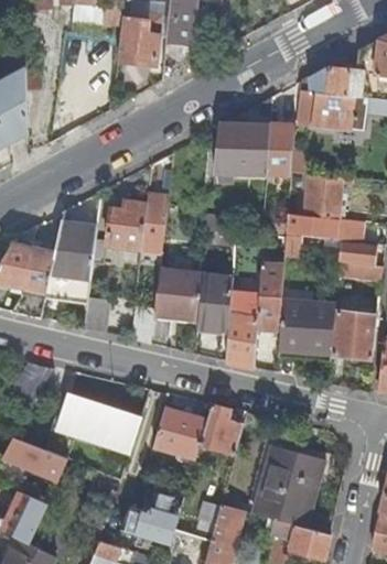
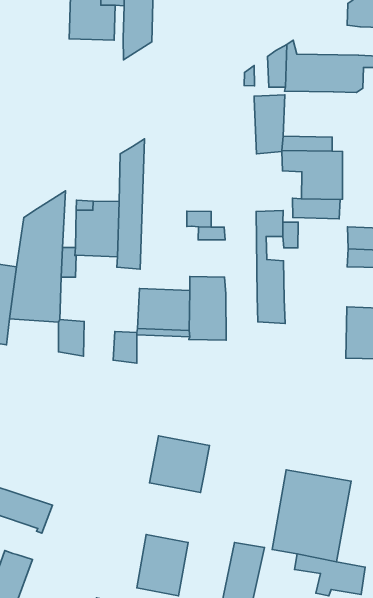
building: [308,66,366,96] -> none
building: [213,123,270,183] -> none
building: [226,291,258,368] -> none
building: [278,300,335,355] -> none
building: [55,394,139,454] -> none
building: [200,404,243,455] -> none

